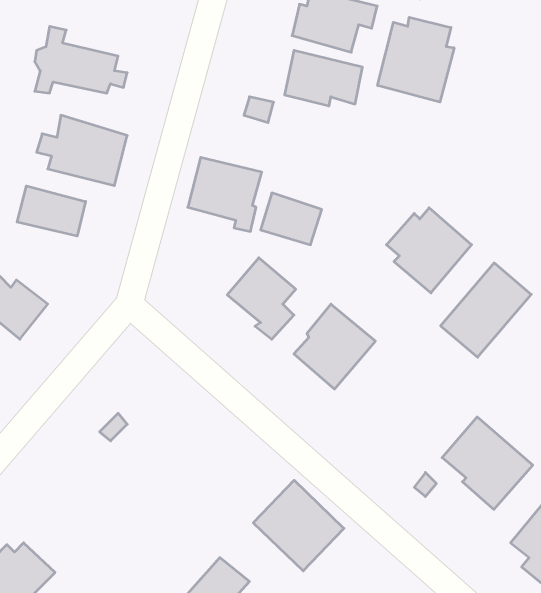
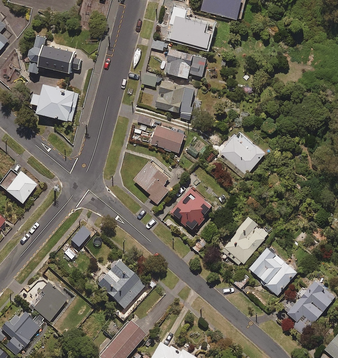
building: [378,17,454,102] -> none
building: [188,157,262,231] -> [155,80,195,120]
building: [17,186,86,236] -> none
building: [441,263,531,357] -> [220,216,269,267]
building: [253,480,344,571] -> [96,260,145,309]
building: none -> [28,283,67,322]

